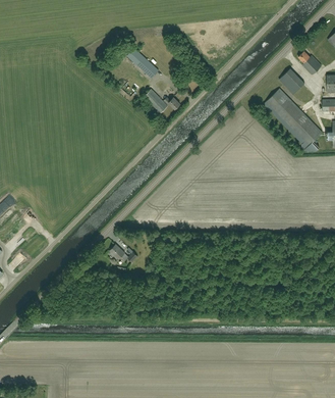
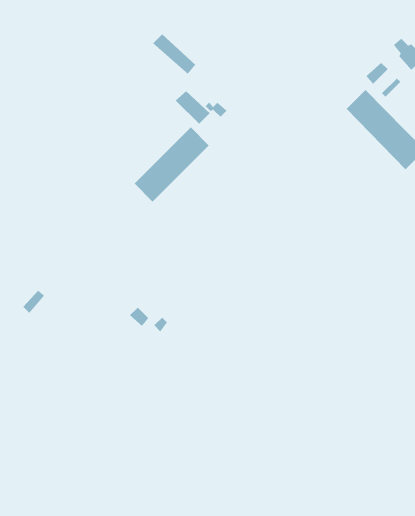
building: none -> [134,127,209,203]

